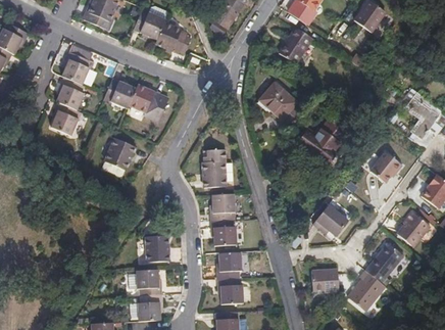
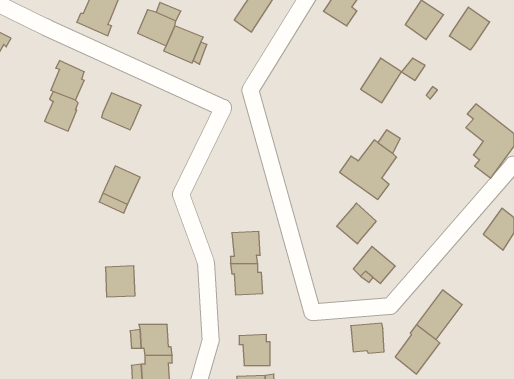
building: none -> [449,7,490,50]
building: [279,27,312,63] -> [361,58,402,103]
building: [259,82,295,117] -> none
building: [130,85,168,122] -> none
building: [51,103,80,137] -> none
building: [370,149,403,180] -> none
building: [202,150,233,187] -> none
building: none -> [337,203,376,244]
building: [393,208,427,244] -> none
building: [145,236,169,262] -> [105,266,135,297]
building: [216,251,242,279] -> none

